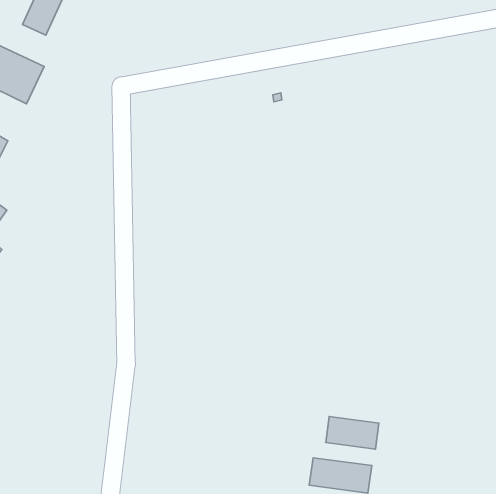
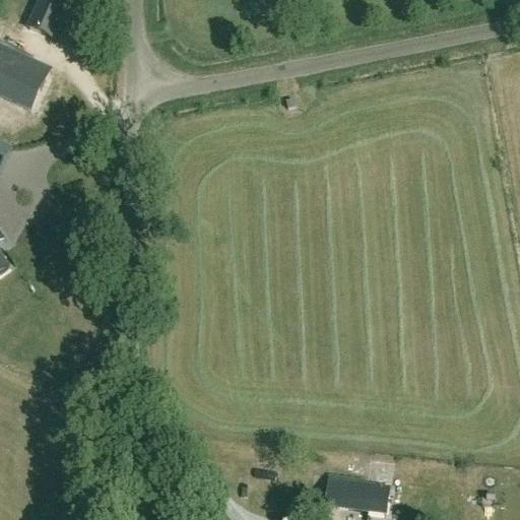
building: [326,417,379,449] -> none

